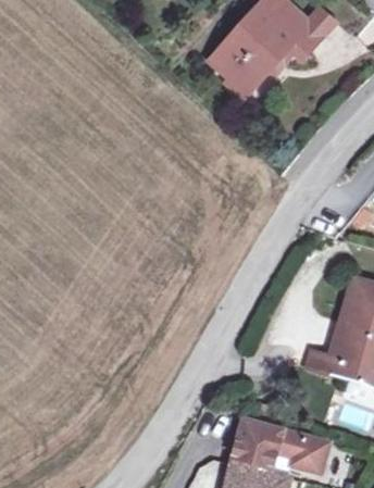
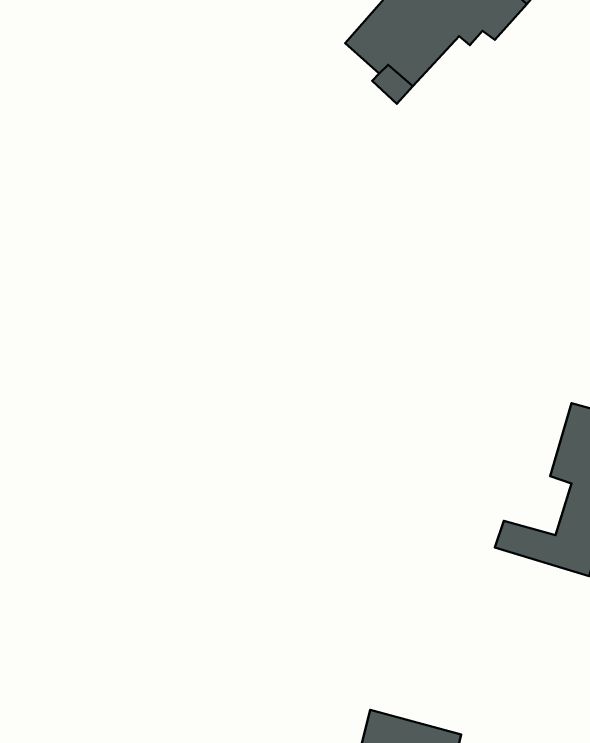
building: [232,421,327,473] -> none

